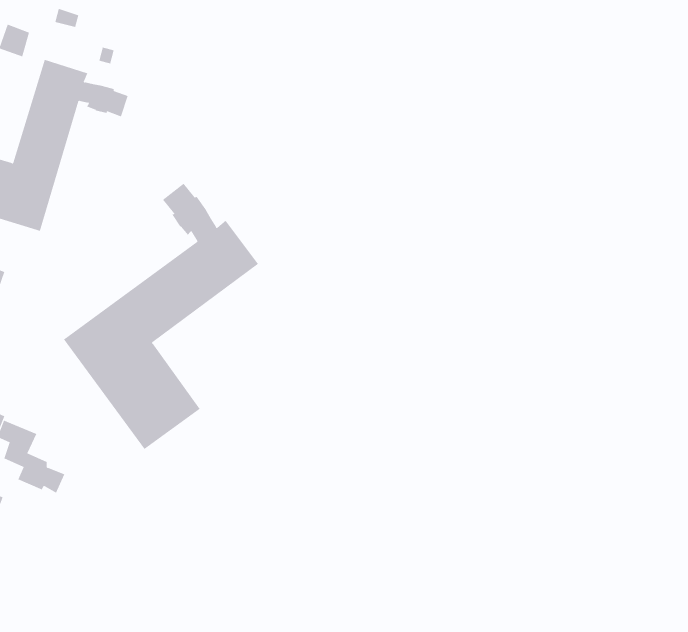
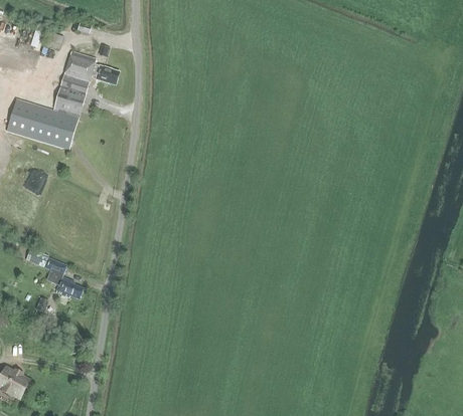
building: [63,183,259,450] -> none

